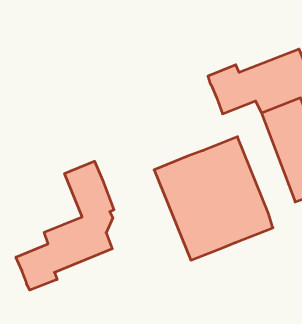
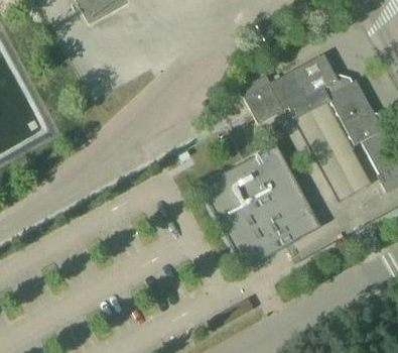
building: [16,161,114,290] -> none

